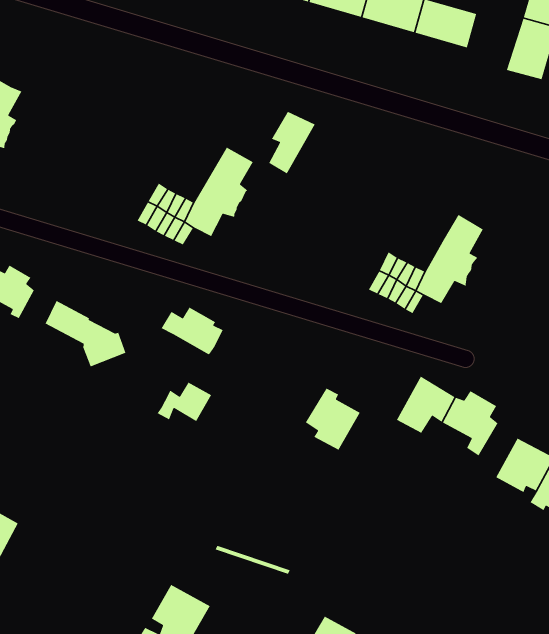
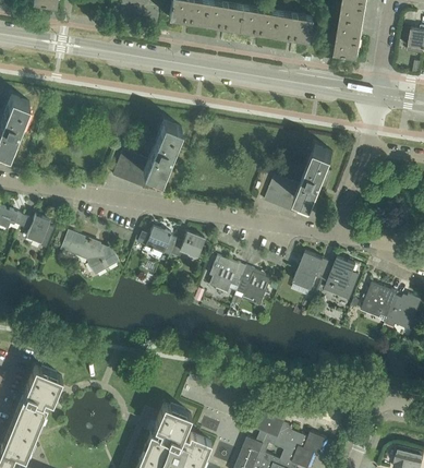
building: [268,111,316,175] -> none
building: none -> [209,255,246,292]
building: [157,382,212,422] -> [170,231,204,257]

